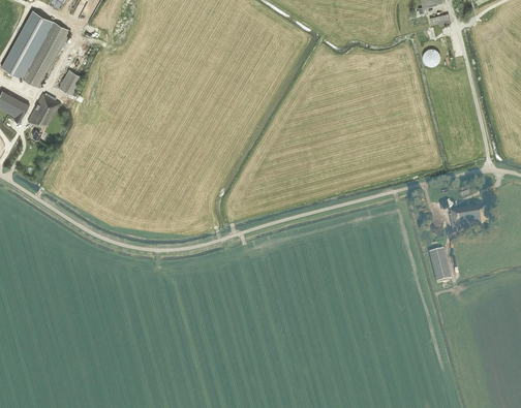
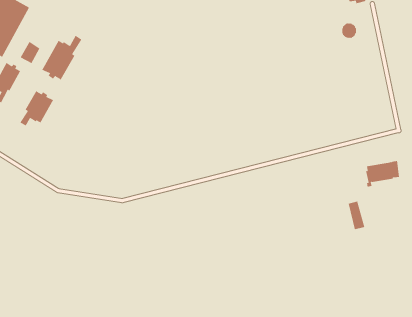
building: none -> [42,35,82,81]
building: none -> [20,90,54,127]

